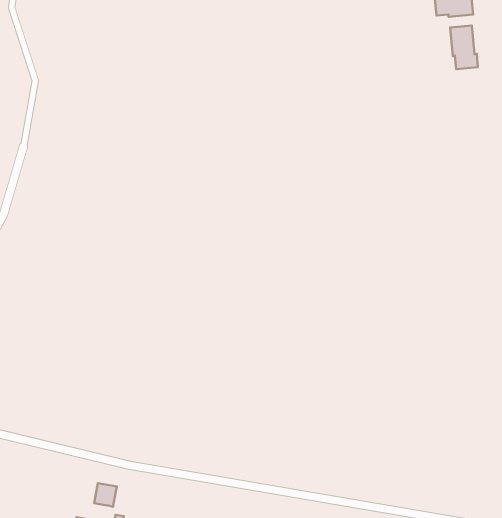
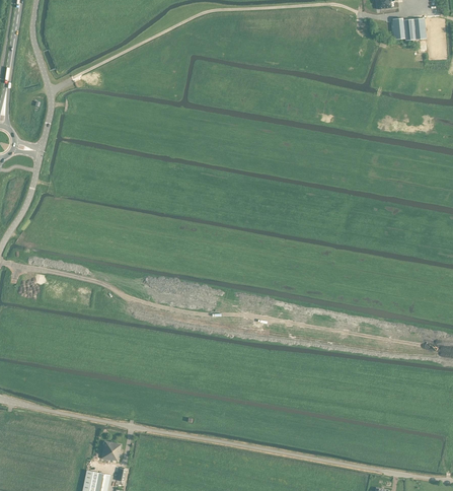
building: [450,26,478,69] -> none

